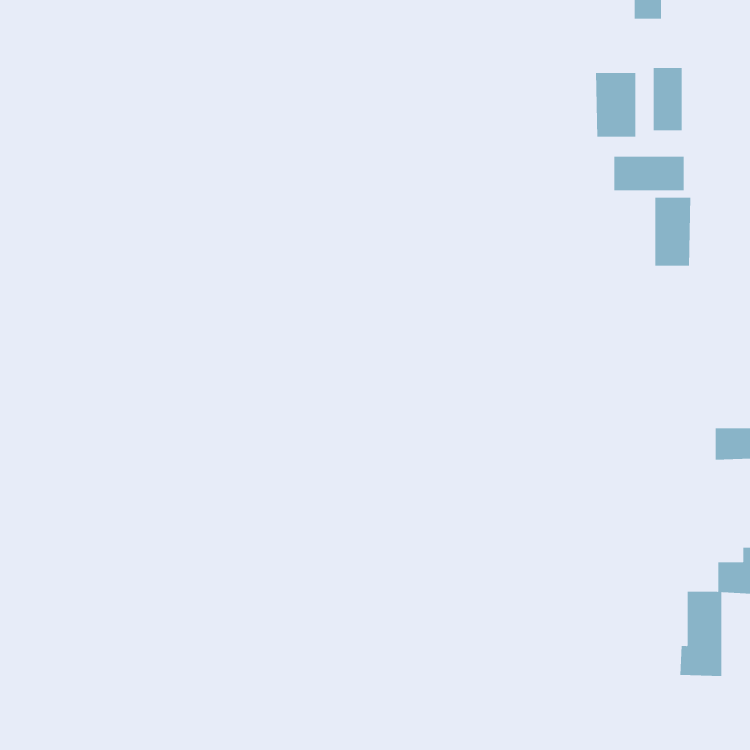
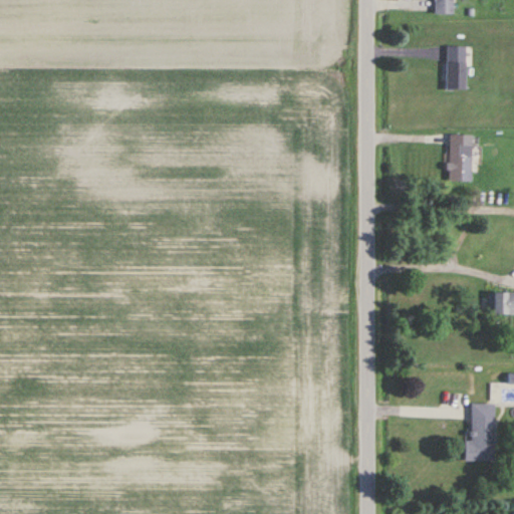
building: [595,72,636,138] -> none
building: [614,156,684,191] -> none

